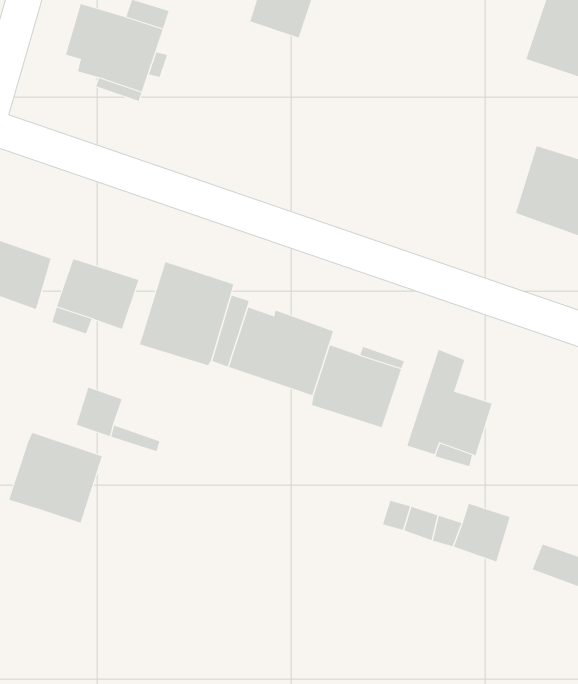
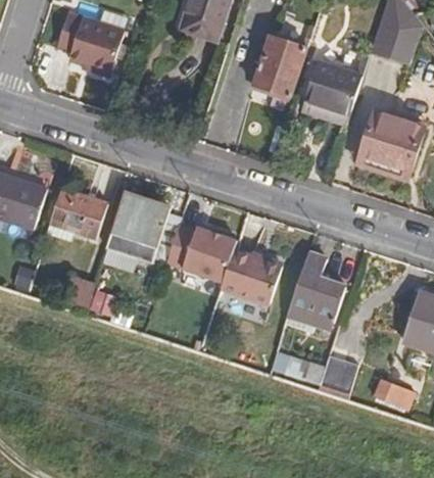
building: none -> [252,36,305,96]
building: none -> [301,62,360,124]
building: [8,432,103,523] -> none

